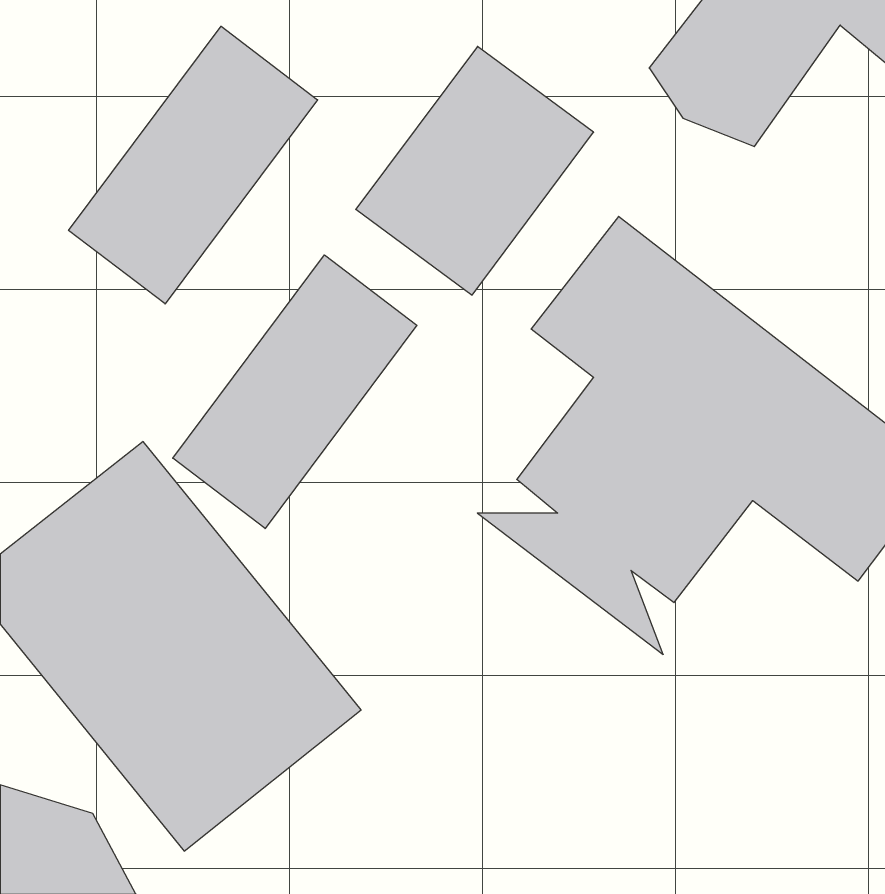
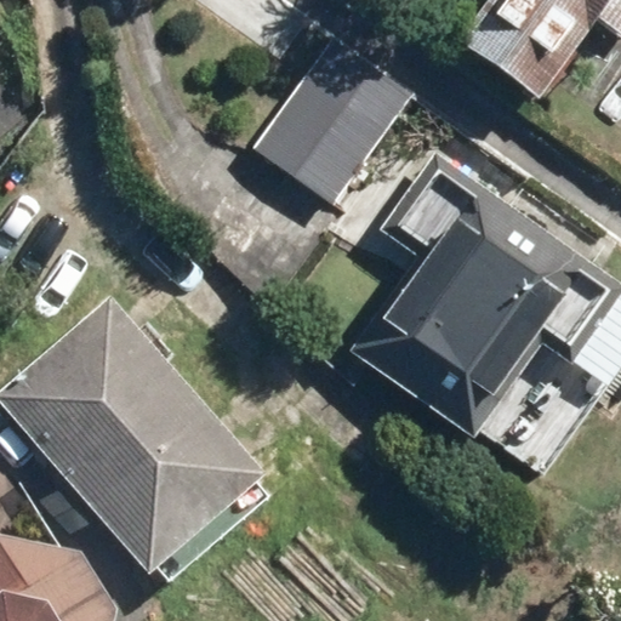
building: [69,26,318,304] -> none
building: [173,255,417,529] -> none

